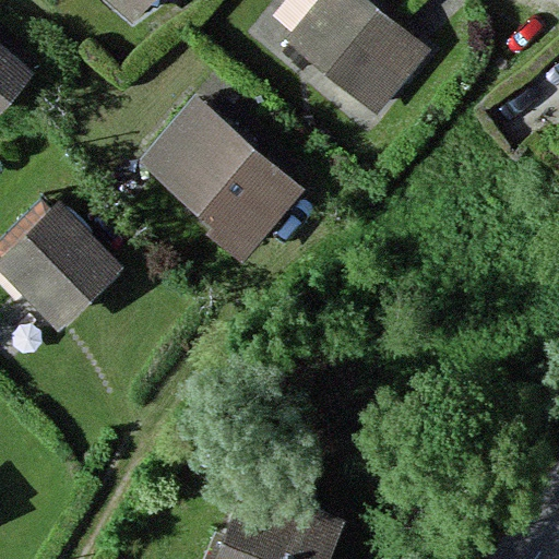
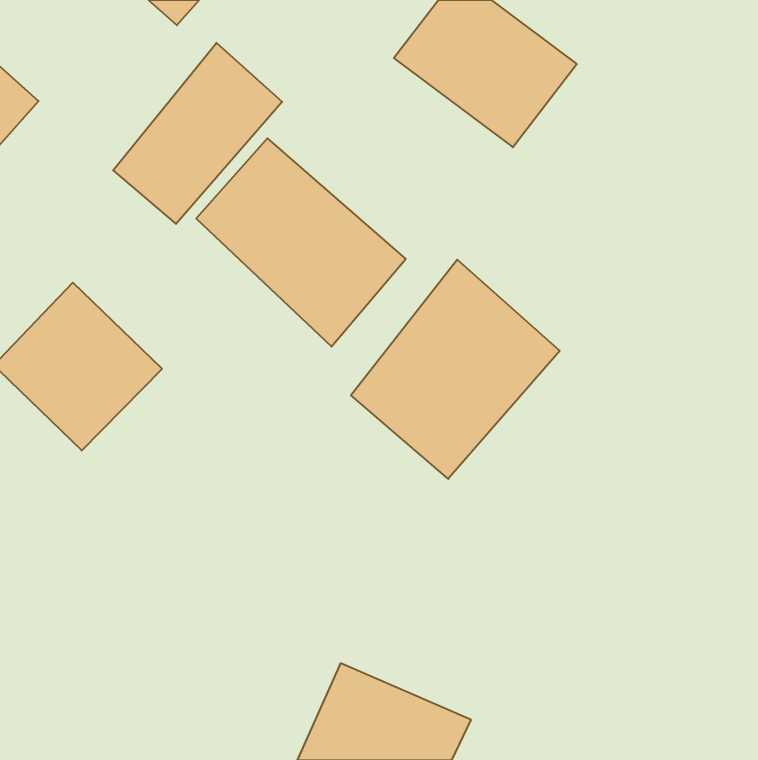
building: none -> [113,43,282,224]
building: none -> [351,260,560,479]

